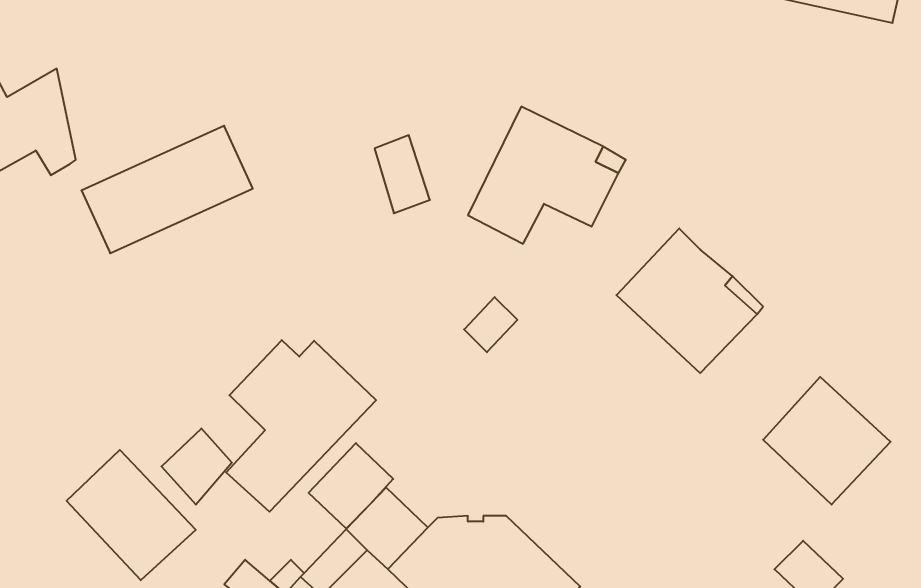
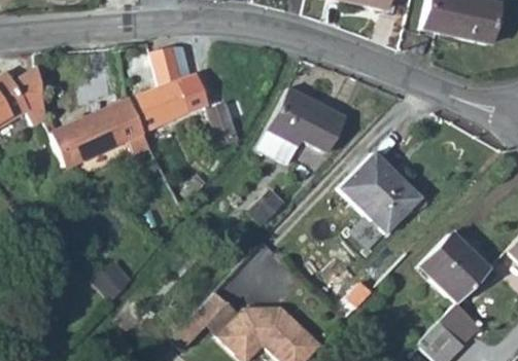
building: none -> [129,46,209,132]
building: [226,340,376,512] -> none
building: [309,443,393,528] -> none
building: [67,450,196,580] -> none
building: none -> [440,302,481,342]

